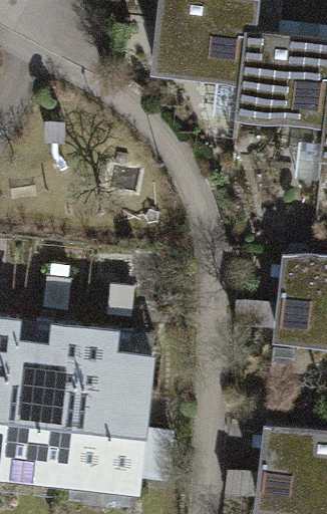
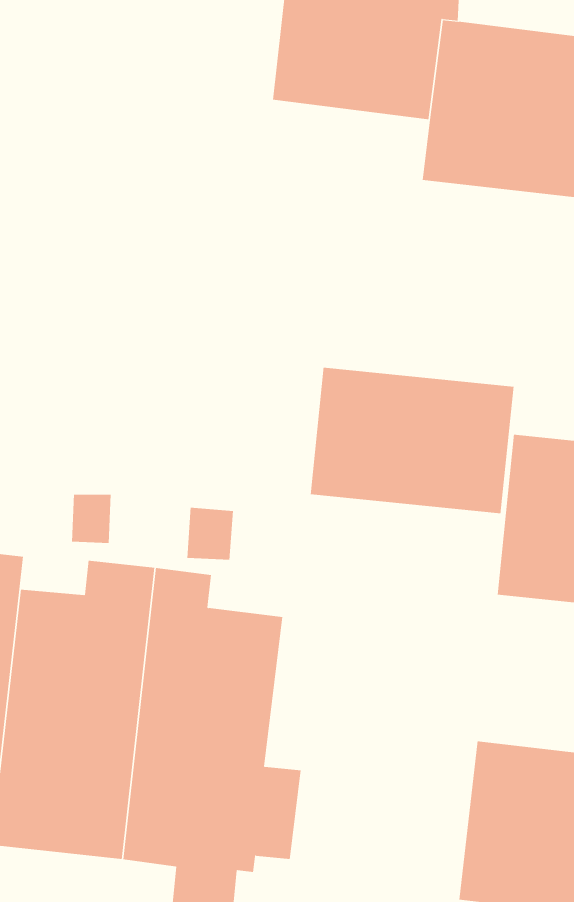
building: none -> [310,367,514,514]

